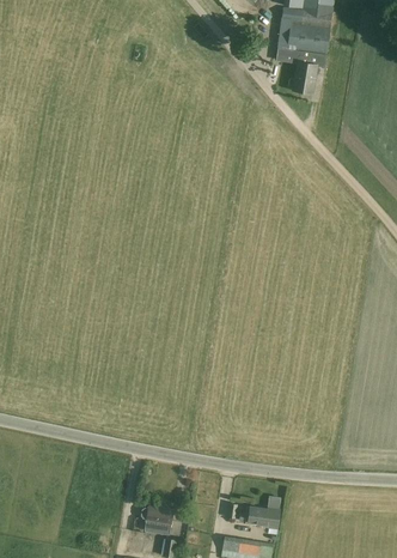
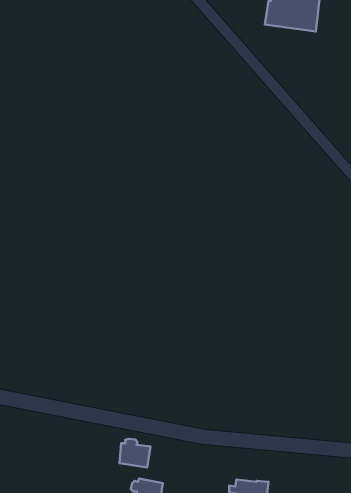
building: [286,56,317,93] -> none
building: none -> [119,439,150,467]

